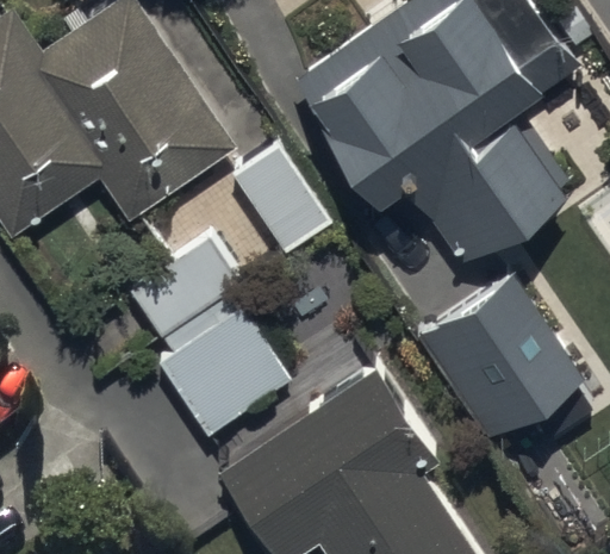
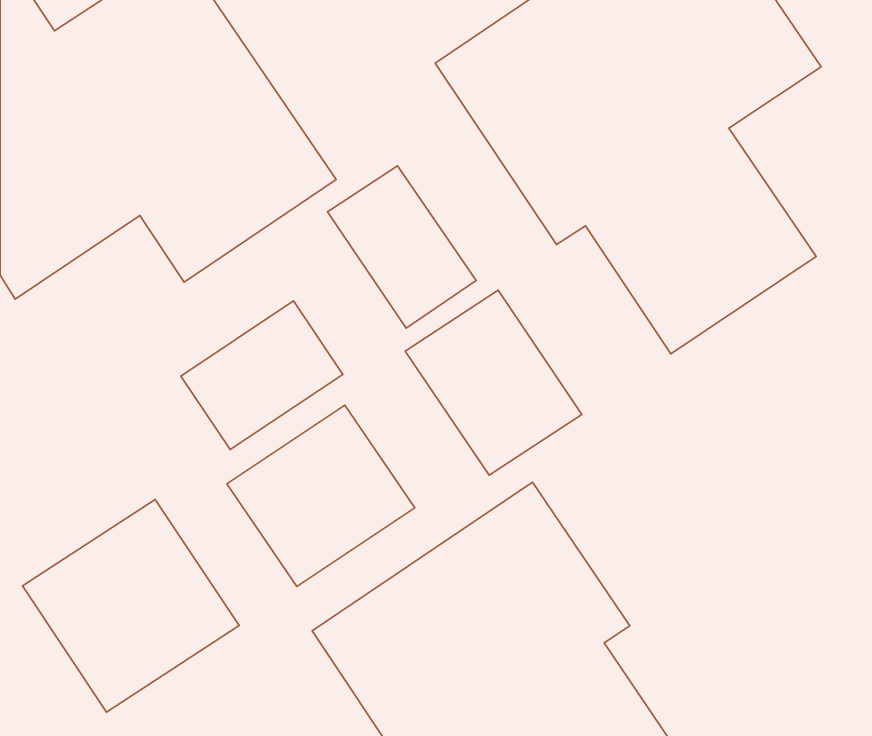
building: none -> [405,290,582,475]
building: [417,272,585,443] -> none
building: none -> [23,499,239,712]

